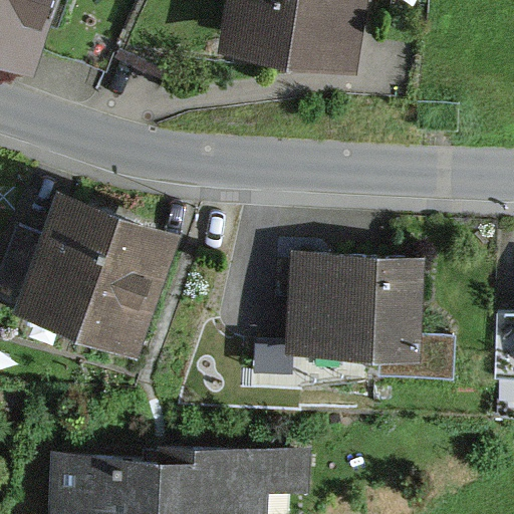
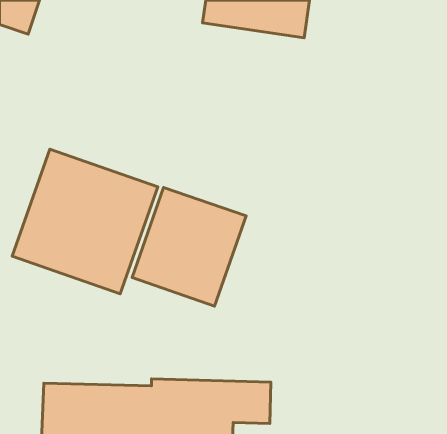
building: none -> [132,187,246,306]
building: [284,255,425,362] -> none

